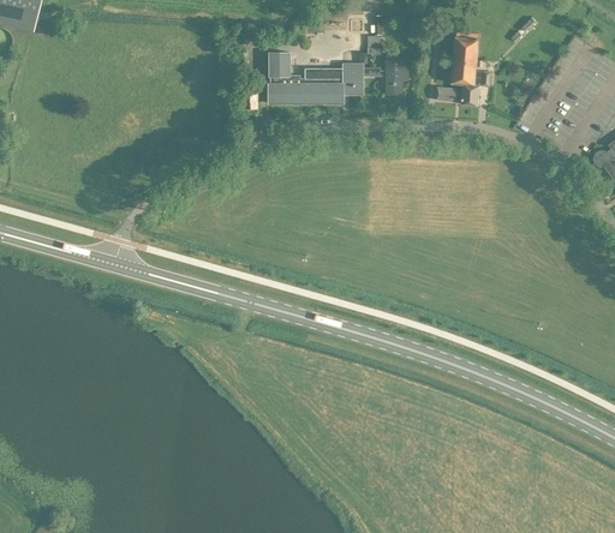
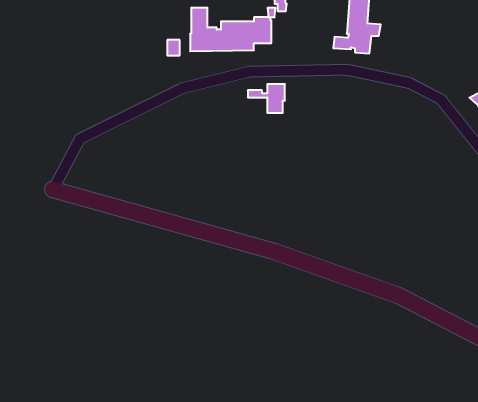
building: [363,60,406,94] -> [248,84,285,113]

